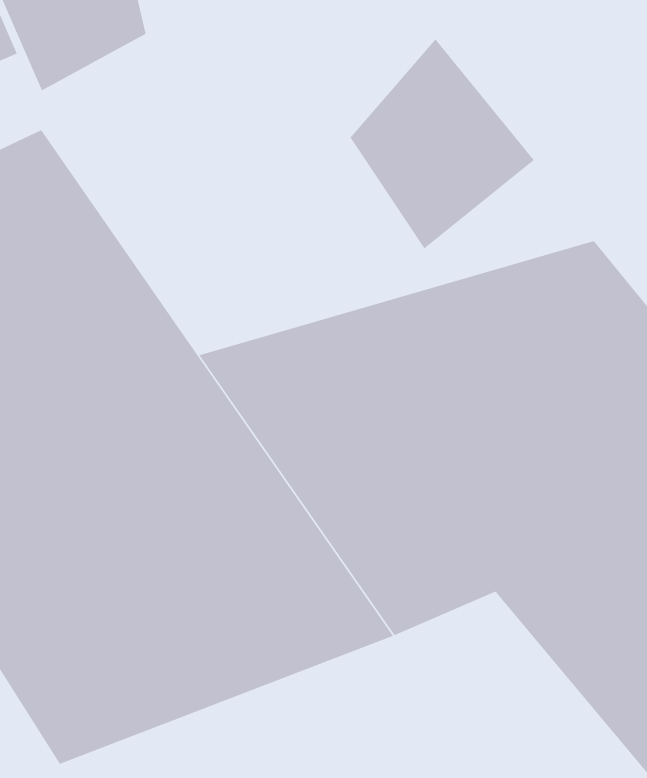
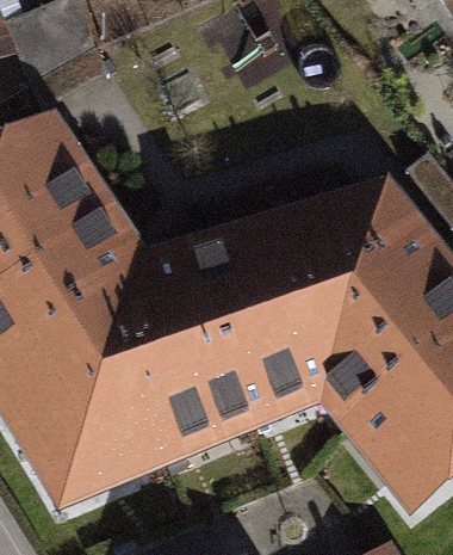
building: [350,38,535,249] -> none

